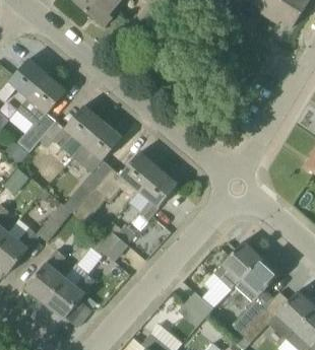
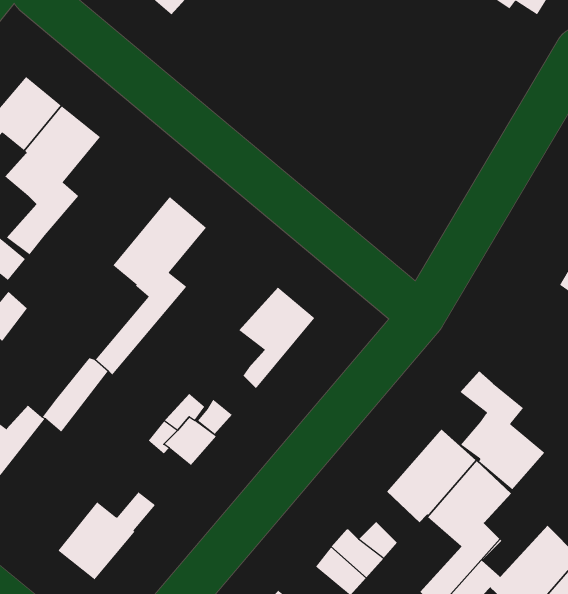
building: [38,106,102,156] -> none
building: [72,152,158,222] -> none
building: none -> [459,371,545,490]
building: [24,250,64,303] -> none

